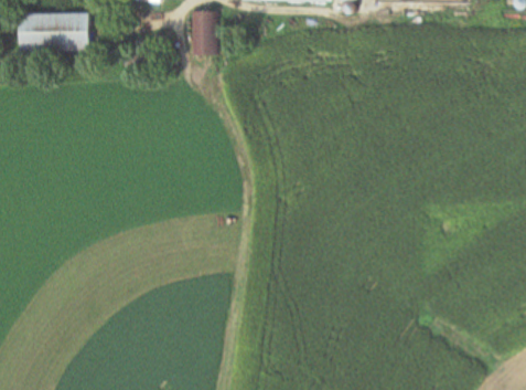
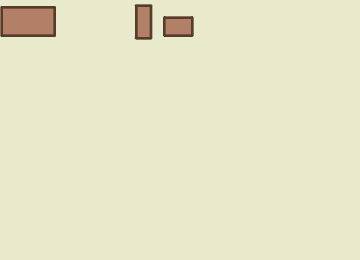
building: none -> [165,17,192,36]

